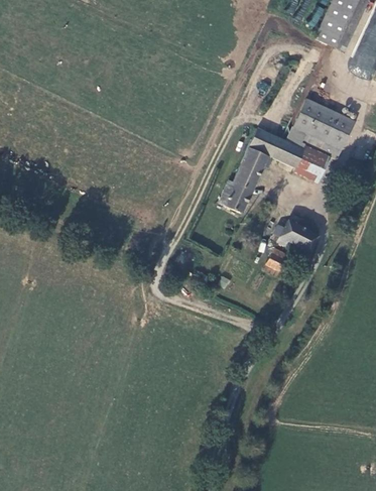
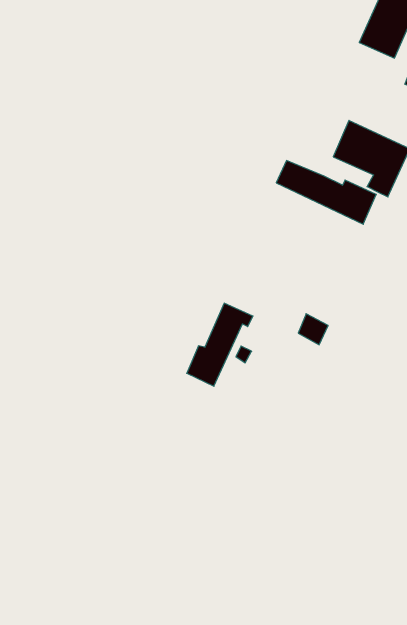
building: [286,126,328,155] -> none
building: [219,148,270,213] -> [187,303,253,386]
building: [272,220,318,251] -> none

